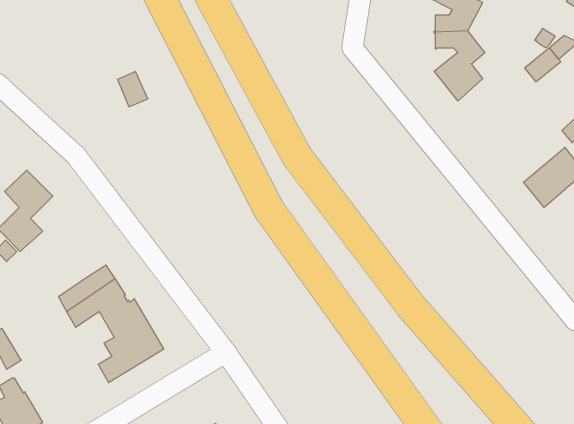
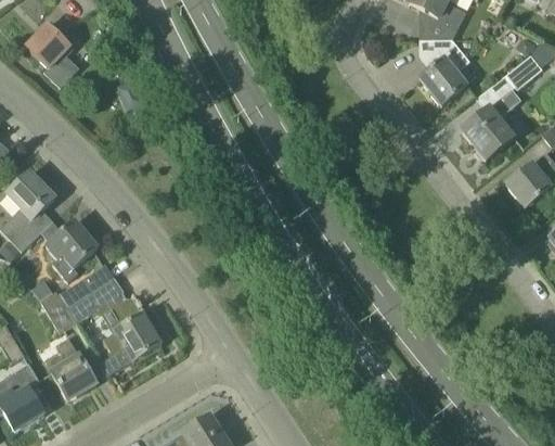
building: none -> [26,23,79,87]
building: none -> [461,88,520,160]
building: none -> [46,219,98,280]
building: none -> [40,290,76,332]
building: none -> [51,336,96,399]

